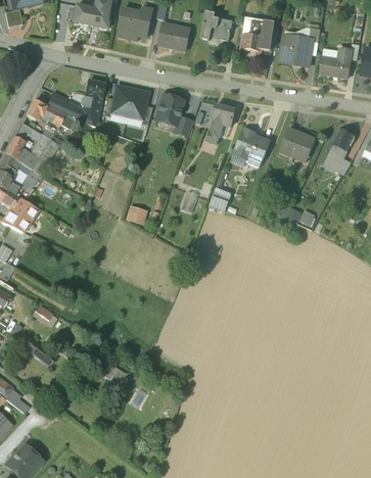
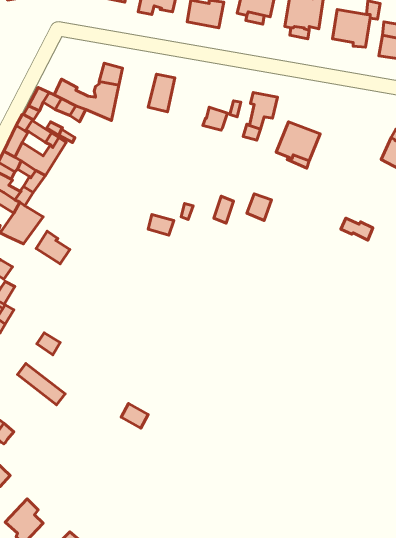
building: [110,84,133,115] -> none
building: [154,94,182,125] -> none
building: [278,127,315,161] -> none
building: none -> [36,231,70,264]

